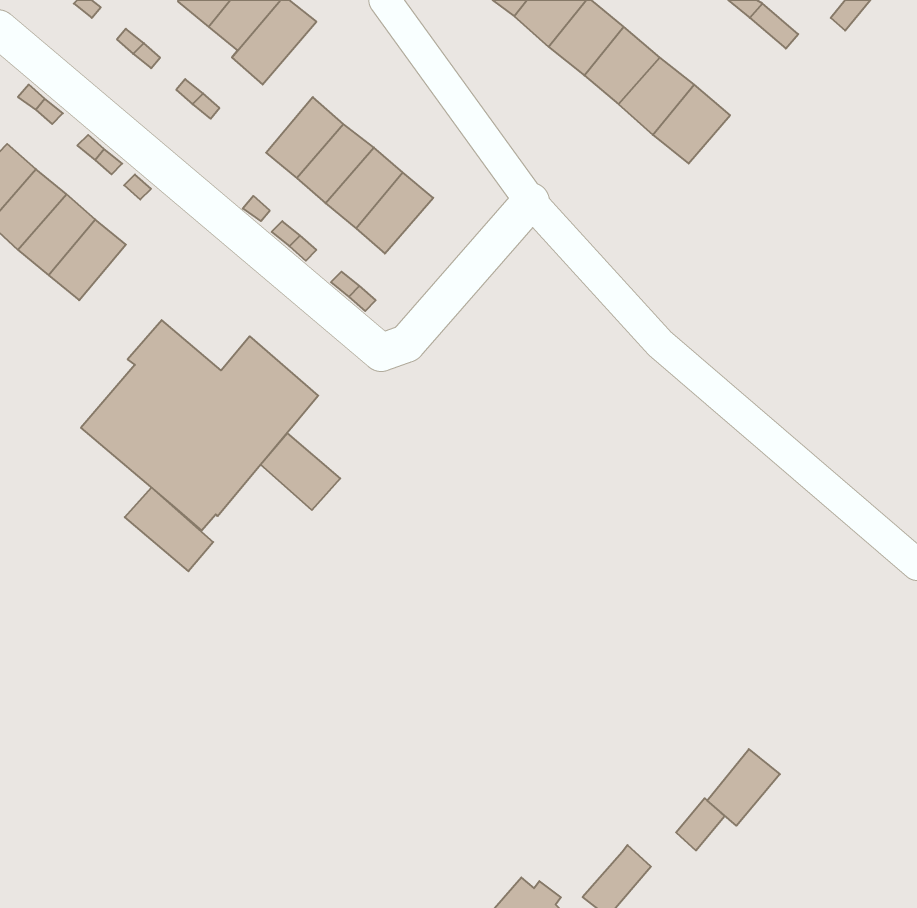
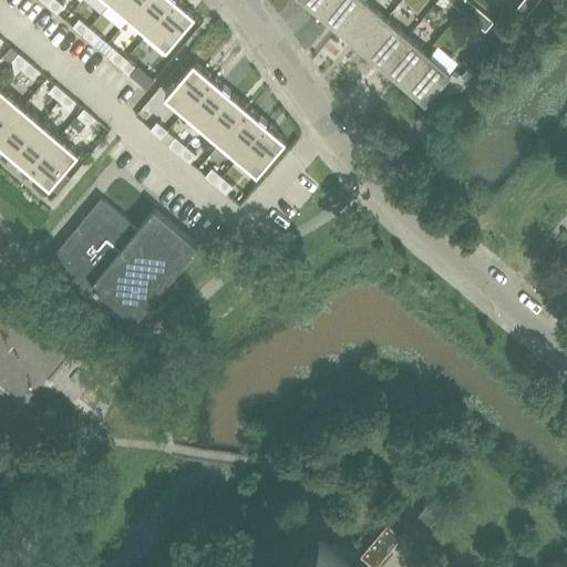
building: none -> [237,128,286,179]
building: [261,433,340,510] -> none
building: [125,488,213,571] -> none
building: [707,749,780,826] -> none

